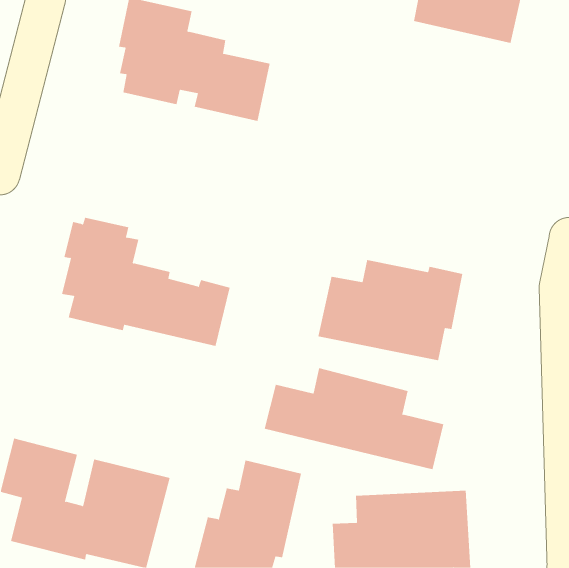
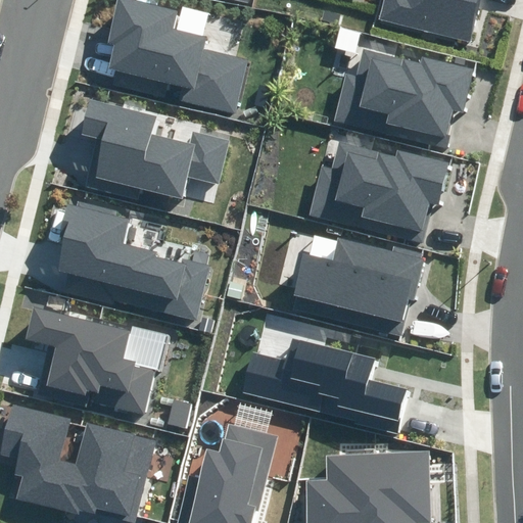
building: none -> [334,49,474,147]
building: none -> [81,99,229,199]
building: none -> [311,141,448,241]
building: none -> [26,306,156,413]

